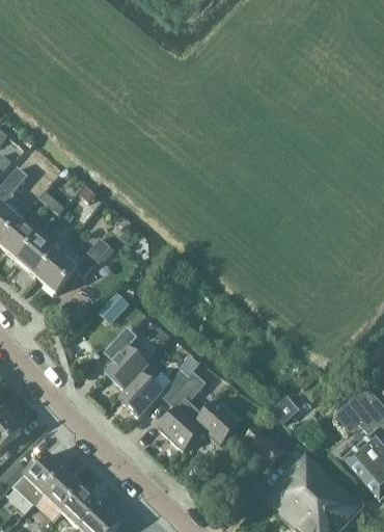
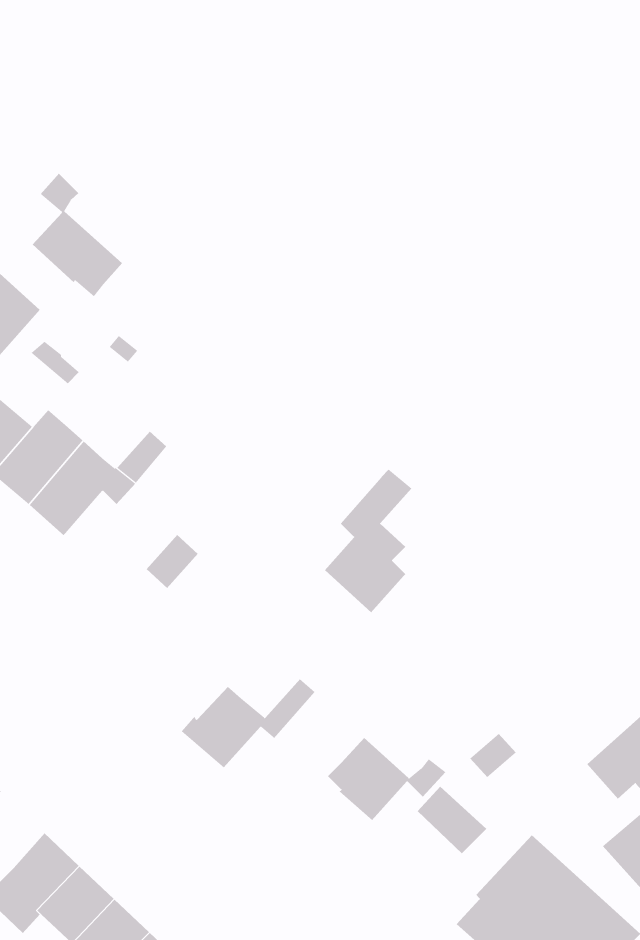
building: none -> [32,173,123,297]
building: [104,327,149,391] -> none
building: [159,372,205,449] -> [324,469,412,613]

